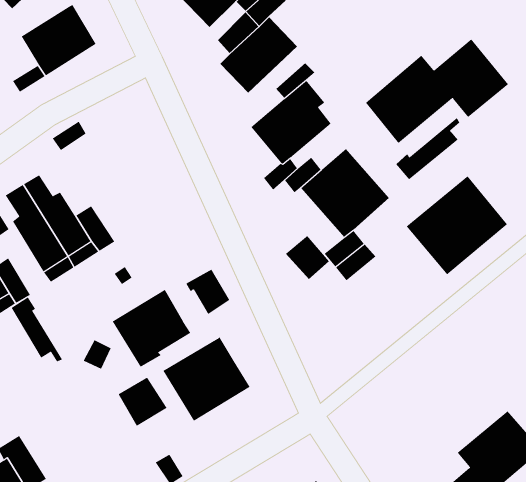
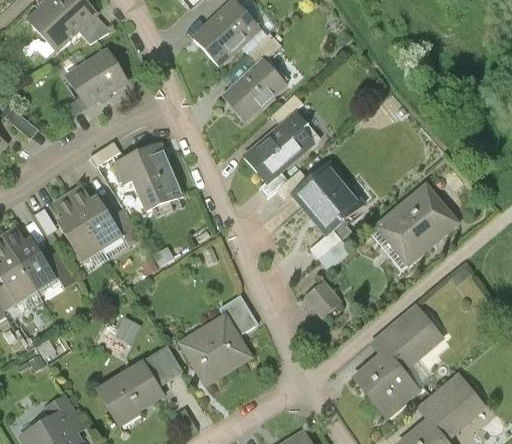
building: [365,39,509,144] -> none
building: [395,117,460,180] -> none
building: none -> [115,144,185,214]
building: [285,235,330,280] -> [304,281,340,317]
building: [186,269,230,315] -> [219,298,255,335]
building: [112,289,191,367] -> [100,362,164,425]
building: [11,297,63,362] -> none
building: none -> [355,303,446,414]

